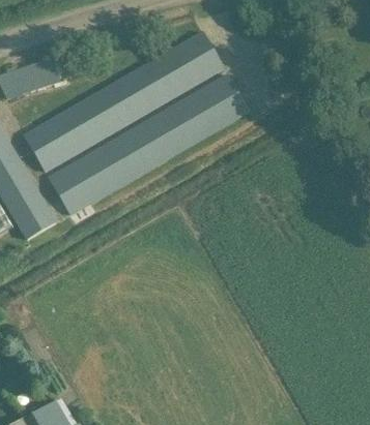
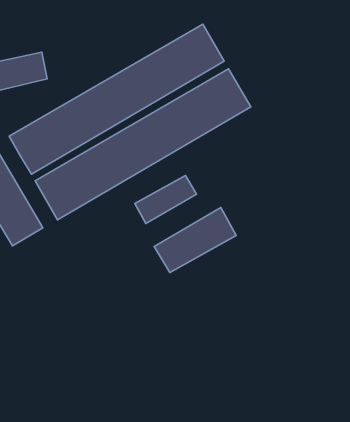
building: none -> [135,175,196,223]
building: none -> [154,208,236,273]

